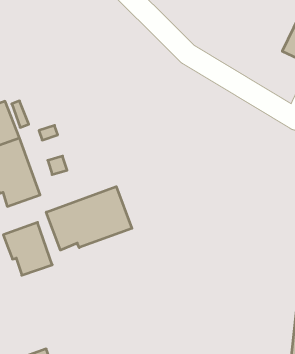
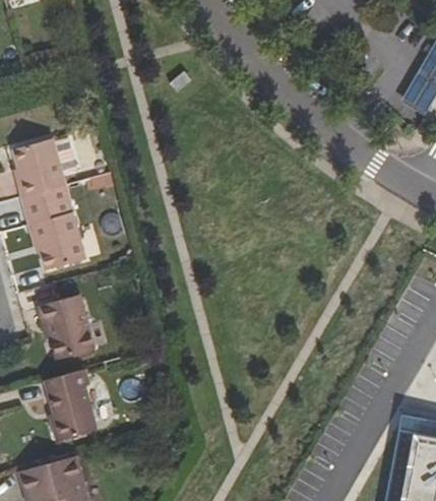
building: [46,187,132,250] -> none
building: none -> [45,370,95,441]

